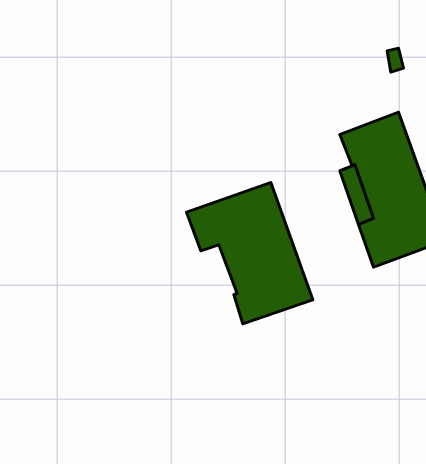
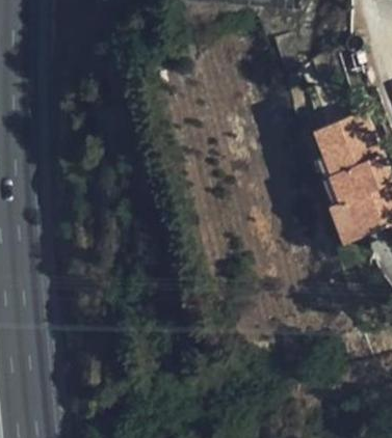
building: [187,183,313,324] -> none

